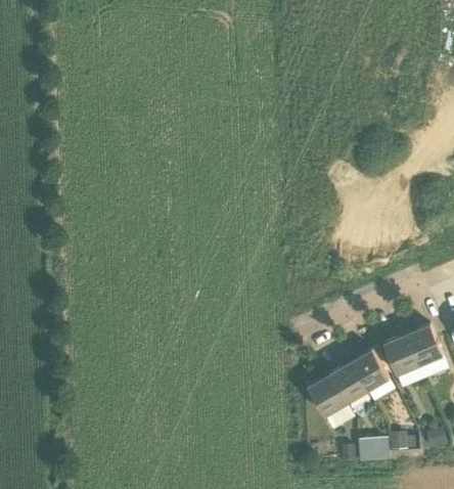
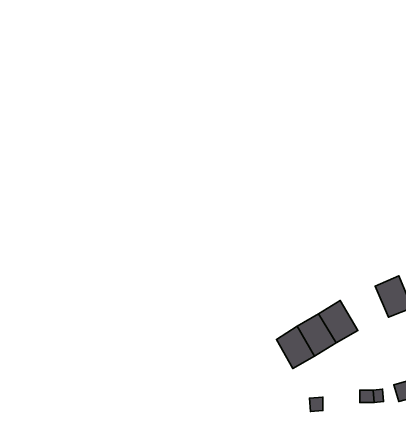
building: [383,336,419,376] -> none
building: [358,439,388,459] -> none

